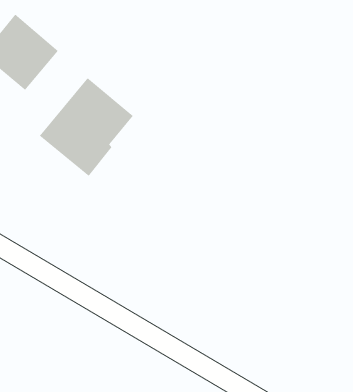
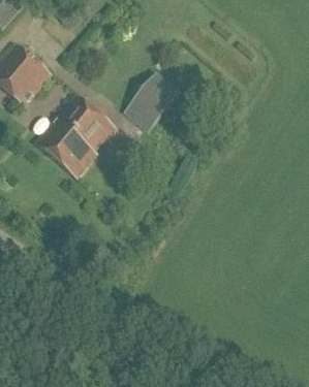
building: none -> [125,72,182,130]

